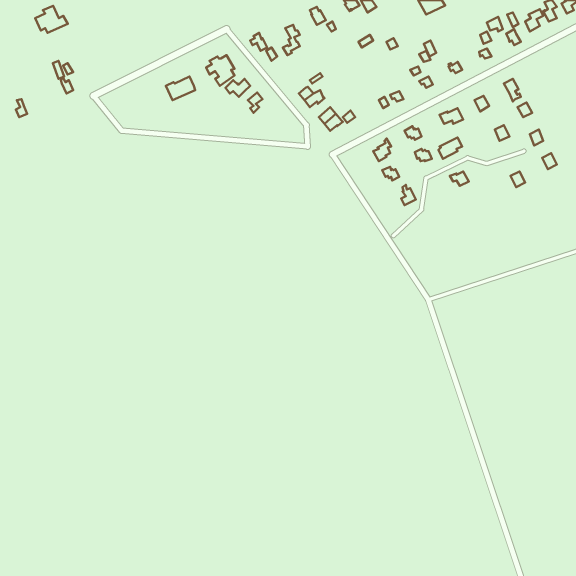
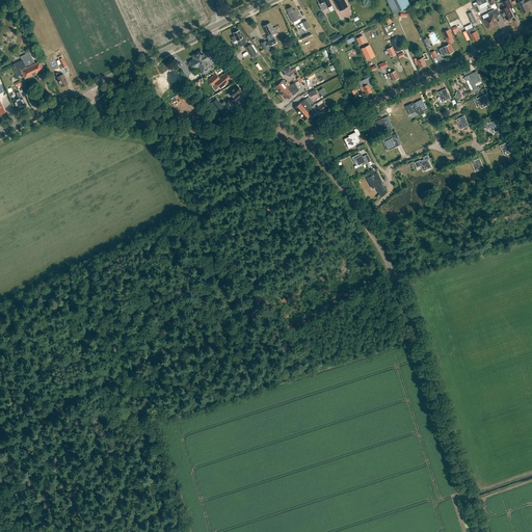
building: [35,6,68,33] -> [14,53,44,78]

